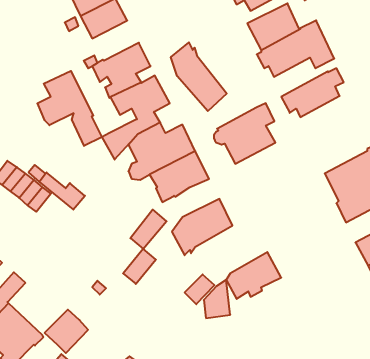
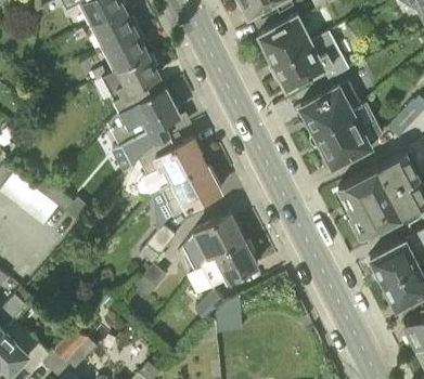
building: none -> [101,32,149,74]
building: [171,42,227,111] -> none
building: [37,71,102,146] -> none
building: [214,103,275,164] -> [310,105,373,167]
building: [226,252,281,299] -> [202,241,258,289]

